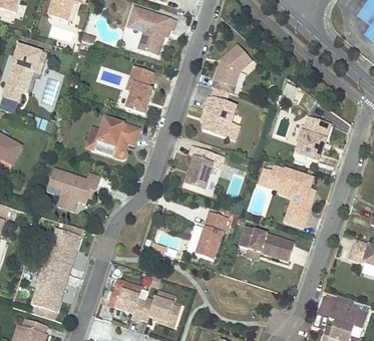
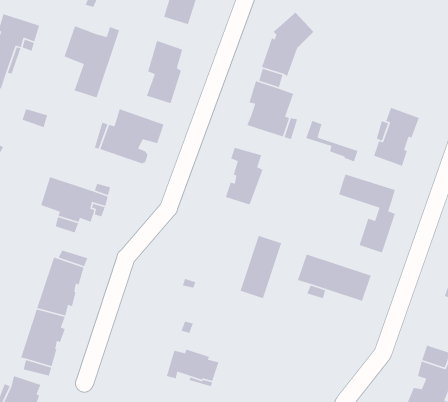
building: none -> [64,25,120,98]
building: [260,167,300,200] -> [305,120,359,162]
building: [115,288,145,320] -> none

